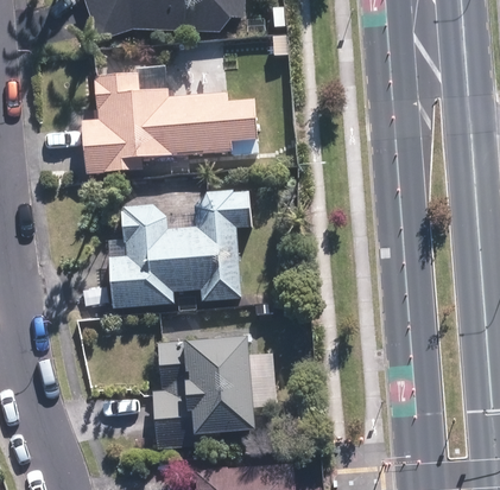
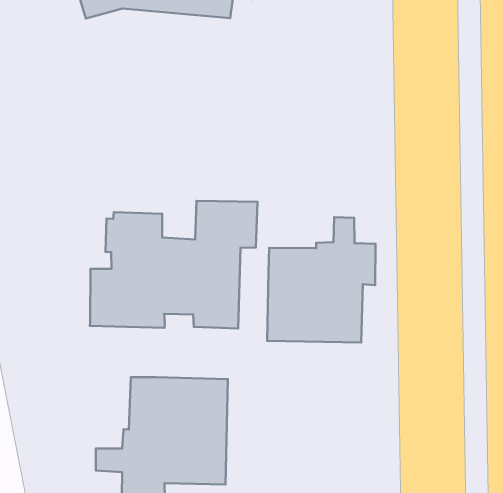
building: [89,72,260,170] -> none
building: none -> [267,217,376,343]

